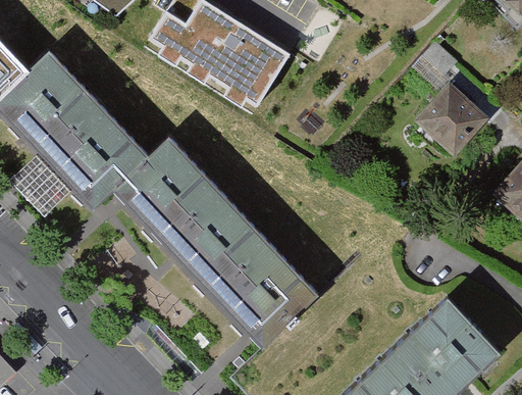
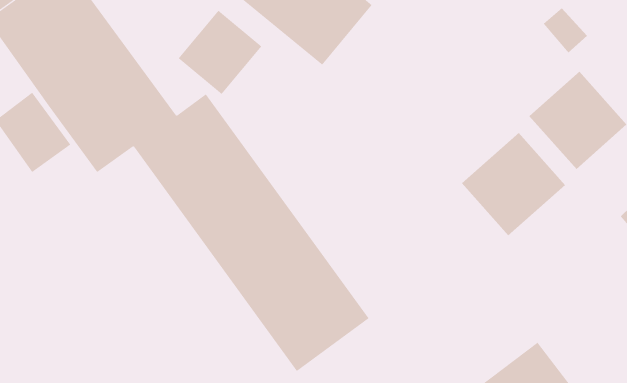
building: none -> [178,10,262,95]
building: none -> [461,132,566,236]

